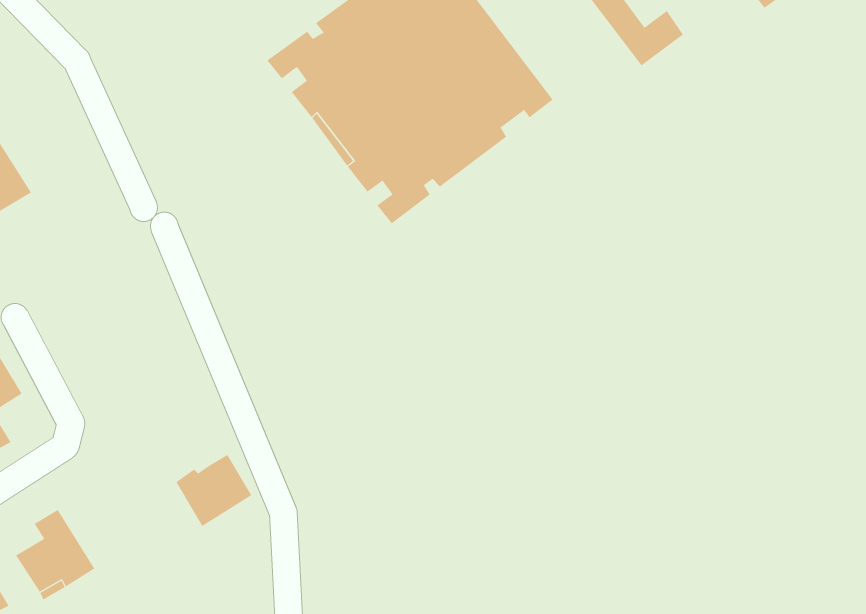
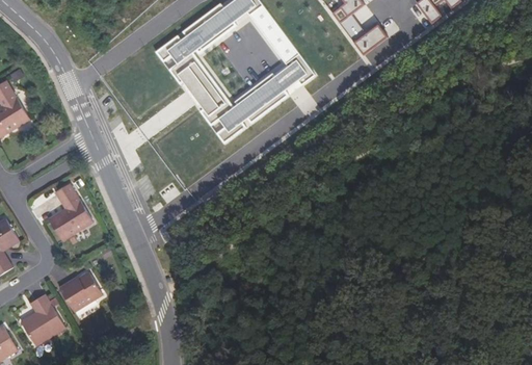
building: none -> [51,182,95,239]
building: [176,454,252,527] -> [52,279,95,319]

